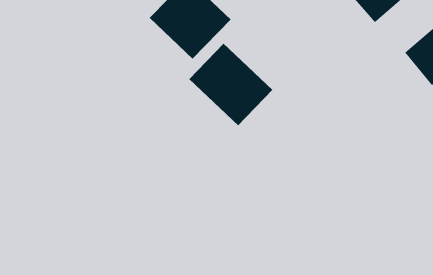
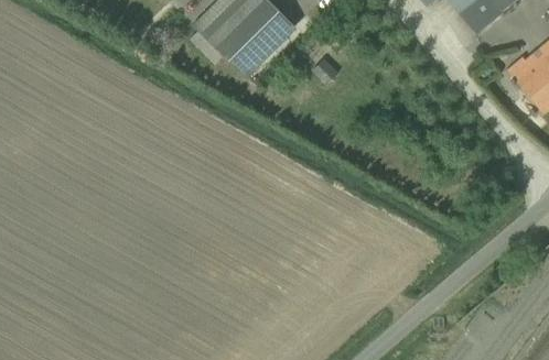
building: [189,43,273,126] -> none

